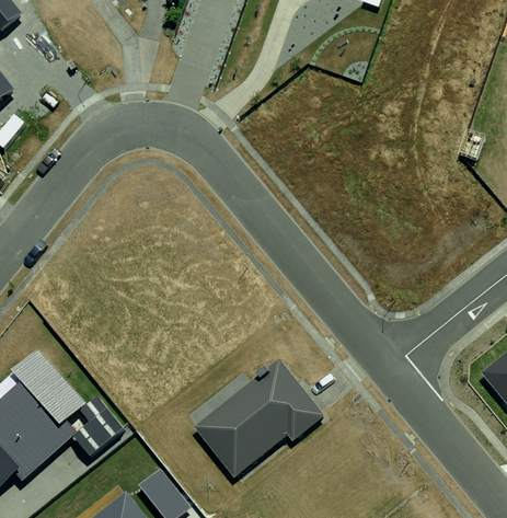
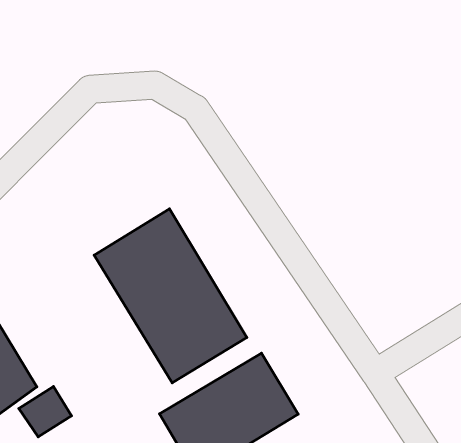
building: none -> [94,209,247,383]

